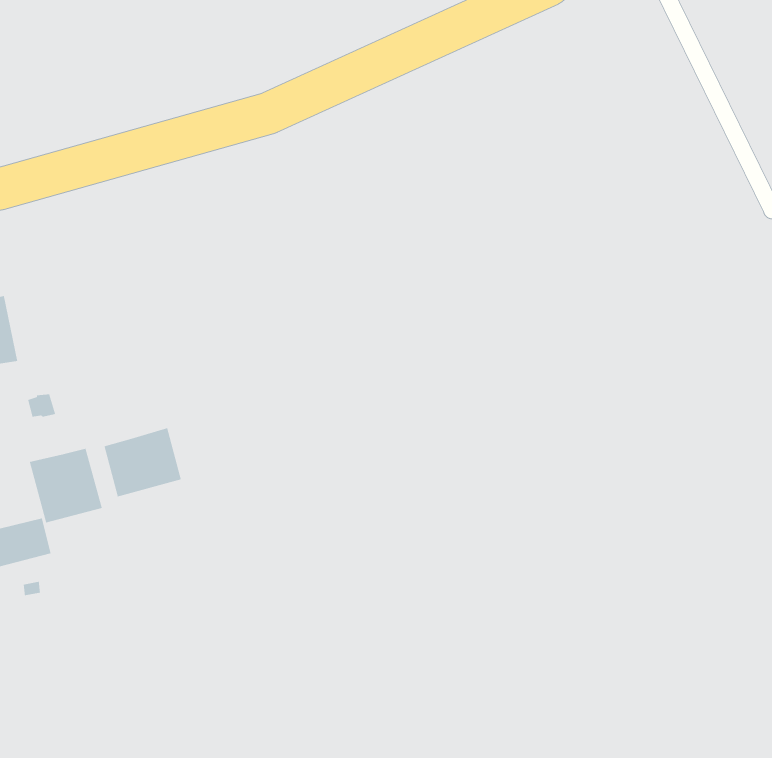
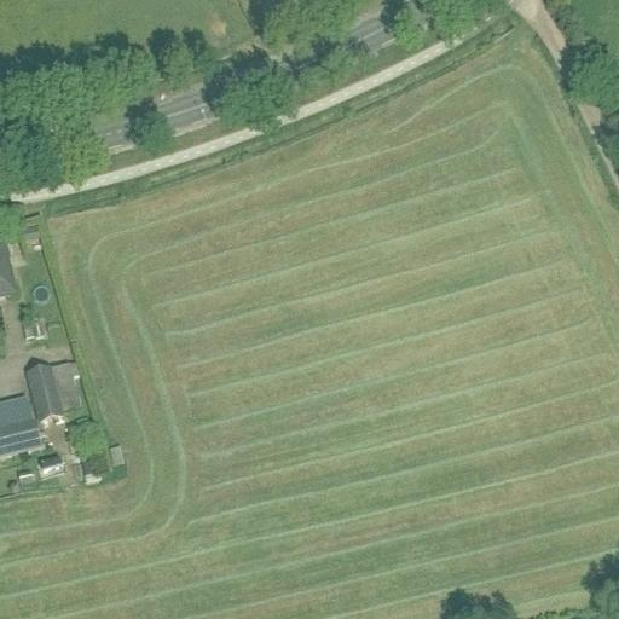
building: [104,427,182,497] -> none

